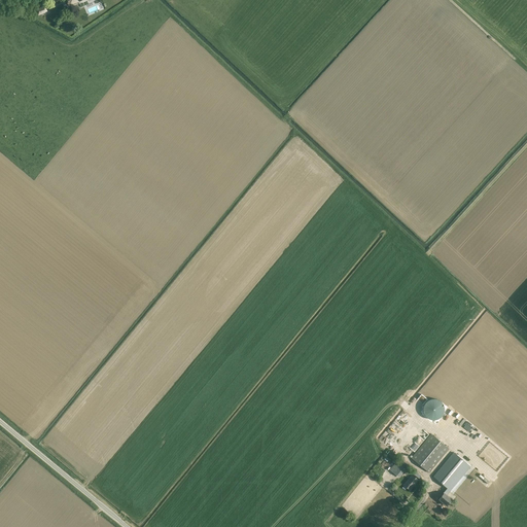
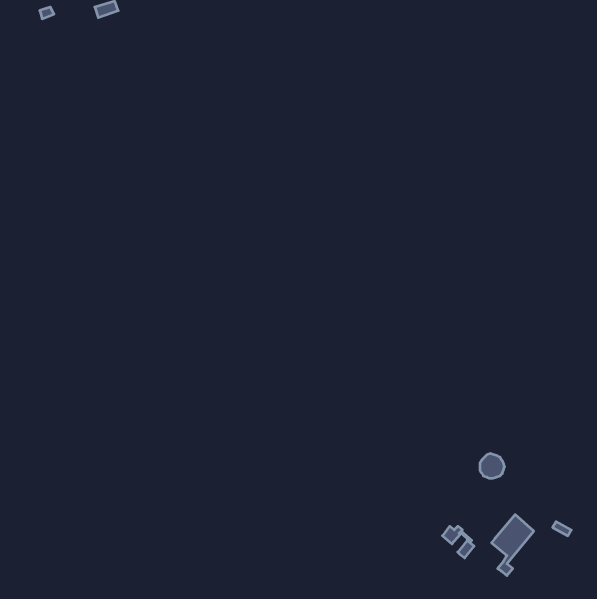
building: [410,433,448,472] -> none

